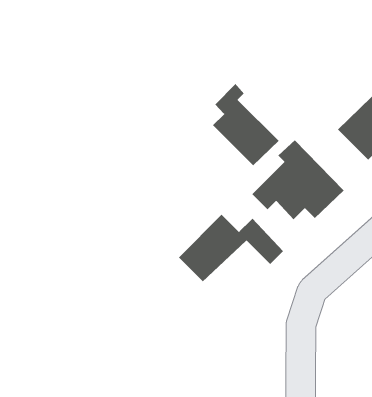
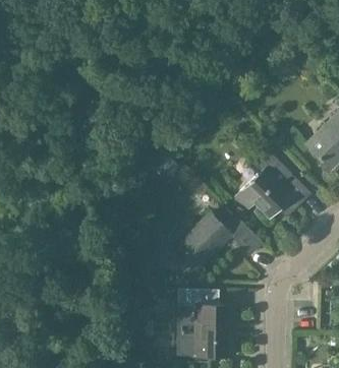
building: [212,83,279,166] -> none
building: none -> [177,290,232,356]

